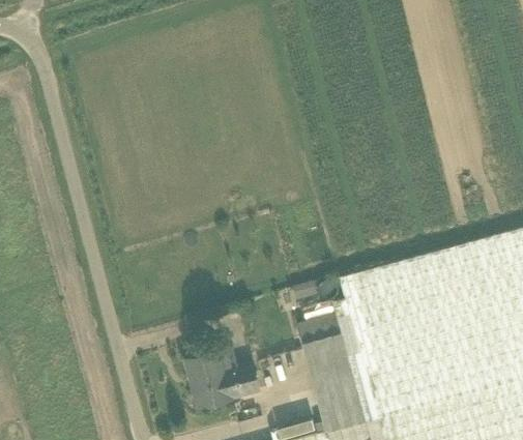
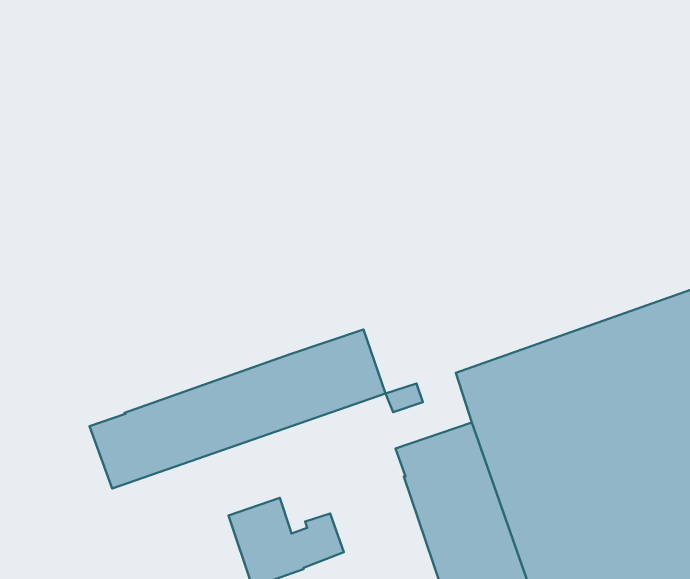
building: none -> [90,329,386,488]

